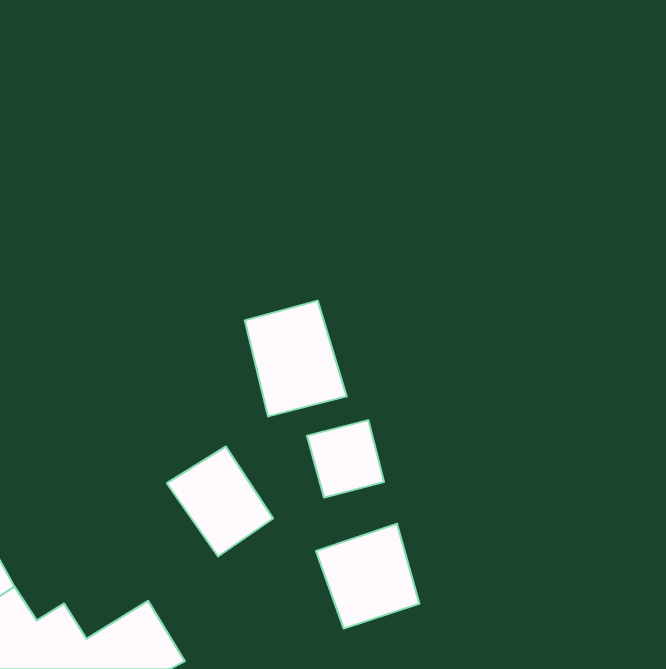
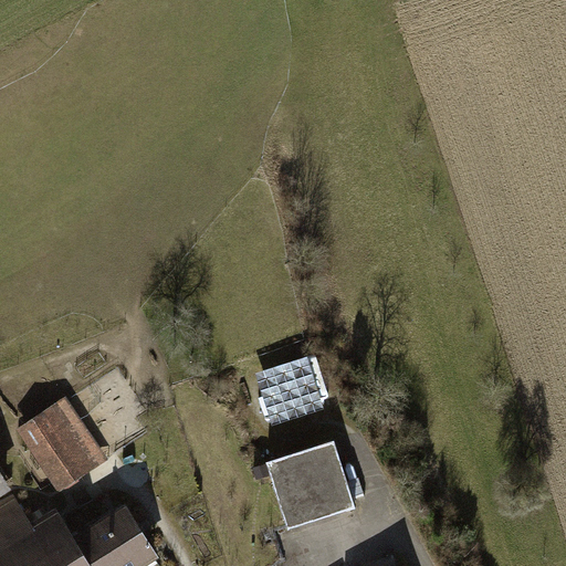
building: [245,301,347,417] -> none
building: [167,447,273,557] -> [14,398,104,491]

